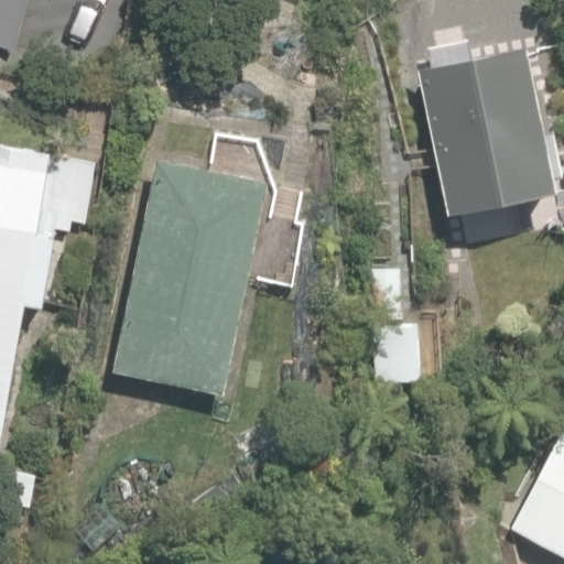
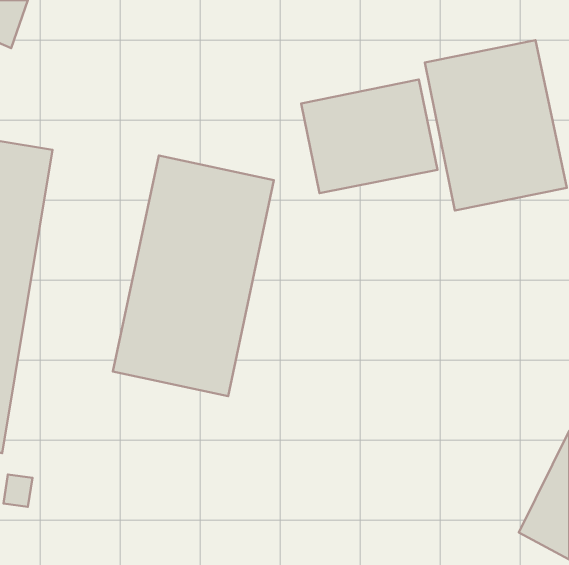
building: none -> [301,79,438,193]

